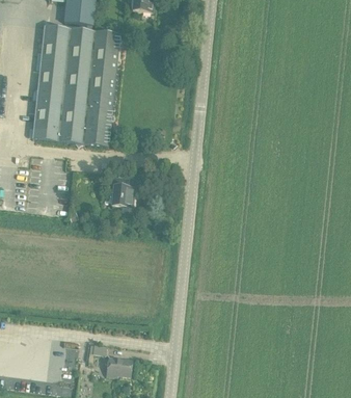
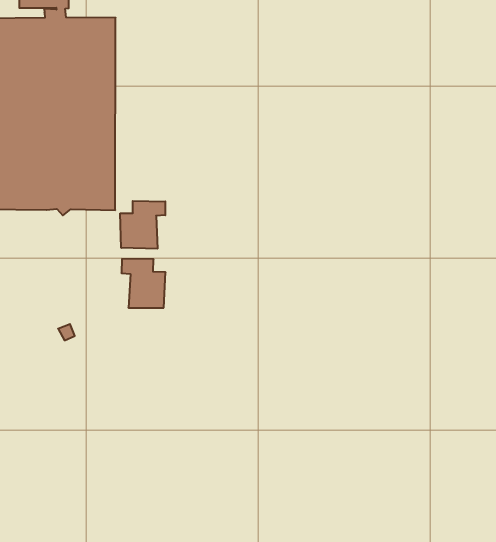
building: none -> [120,201,165,249]

